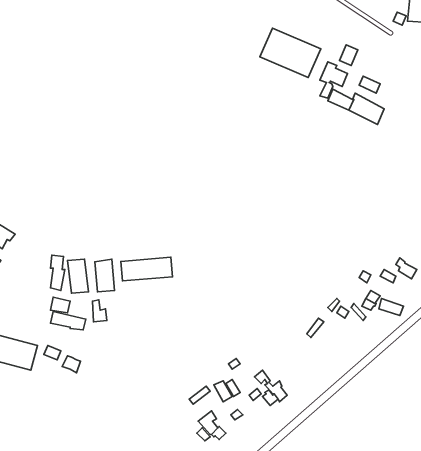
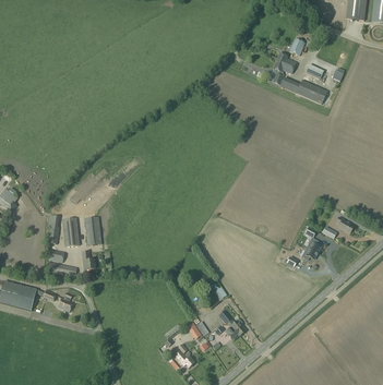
building: [260,28,321,77] -> none
building: [121,257,172,281] -> none

